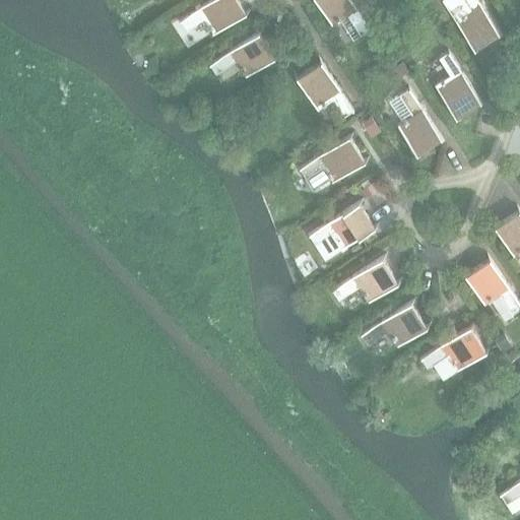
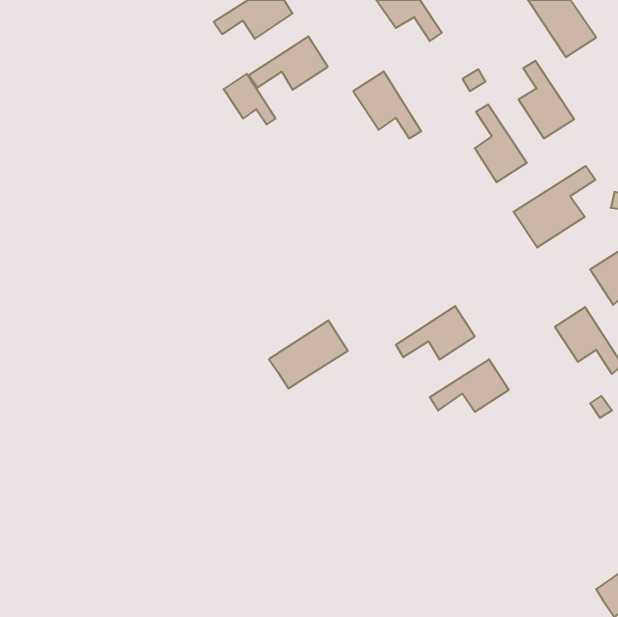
building: none -> [224,74,275,125]
building: [301,137,366,191] -> none
building: none -> [513,166,595,248]
building: [310,204,376,261] -> [269,320,348,388]
building: [421,327,488,381] -> none

